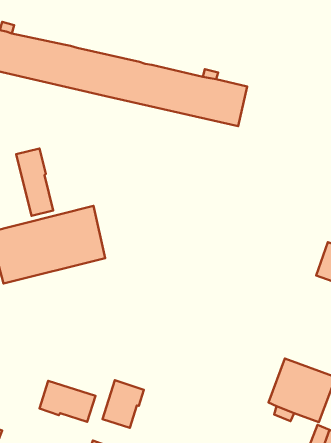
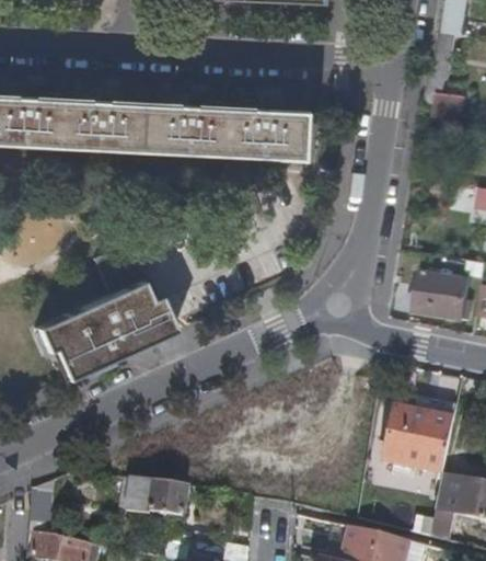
building: [16,148,53,216] -> none
building: [102,380,144,428] -> none

